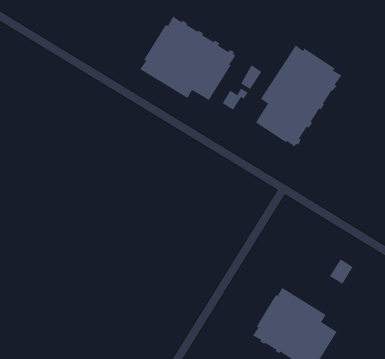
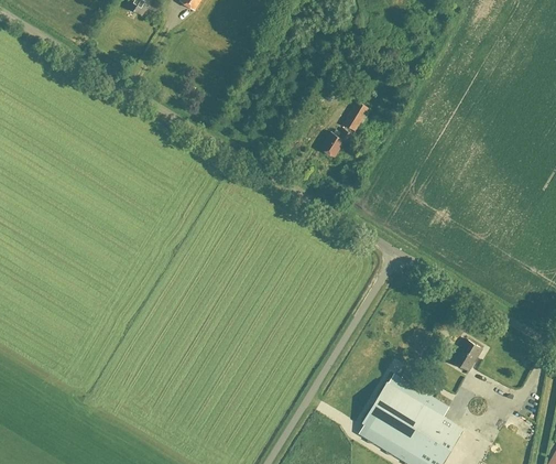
building: [140,16,236,101] -> none
building: [255,44,342,147] -> none

